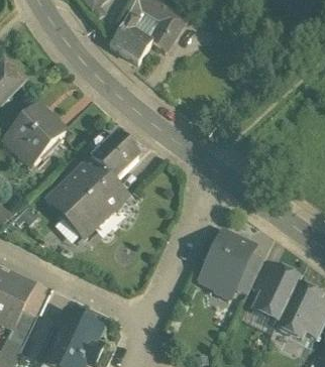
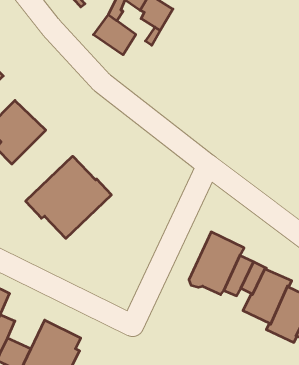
building: [92,134,139,180] -> none

